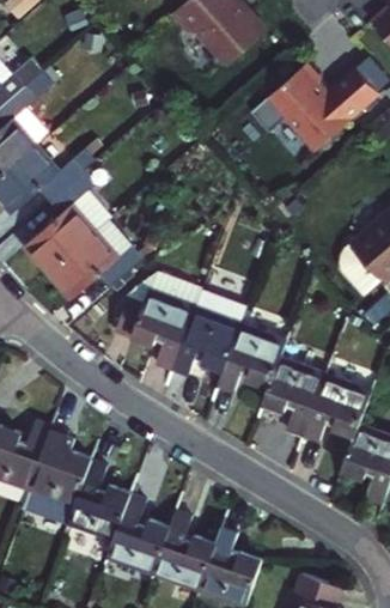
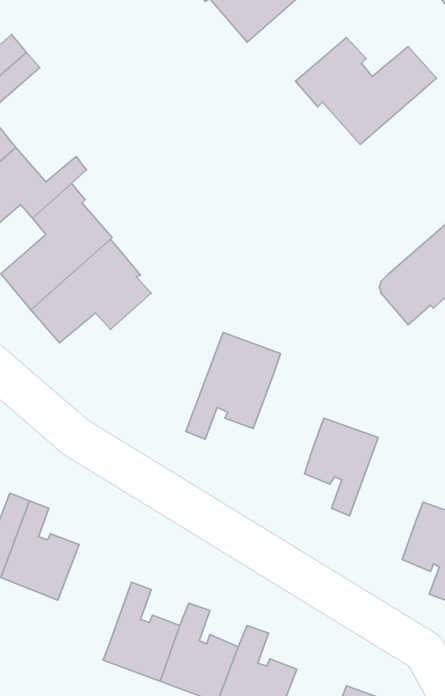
building: [120,275,205,373] -> none
building: [220,326,291,397] -> none
building: [304,378,374,446] -> none
building: [66,463,130,540] -> none

